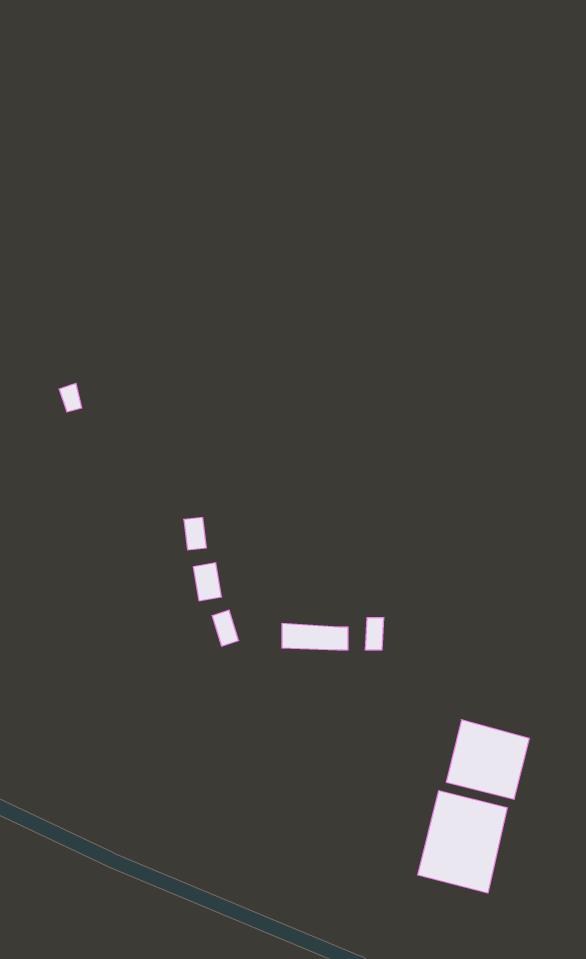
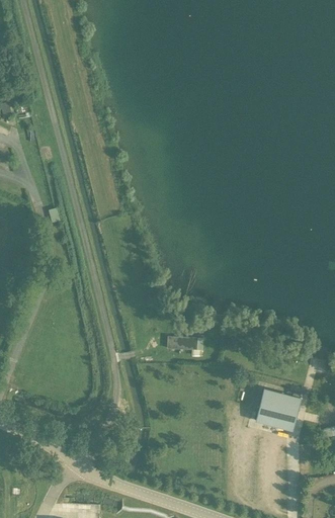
building: [418,791,507,893] -> none

